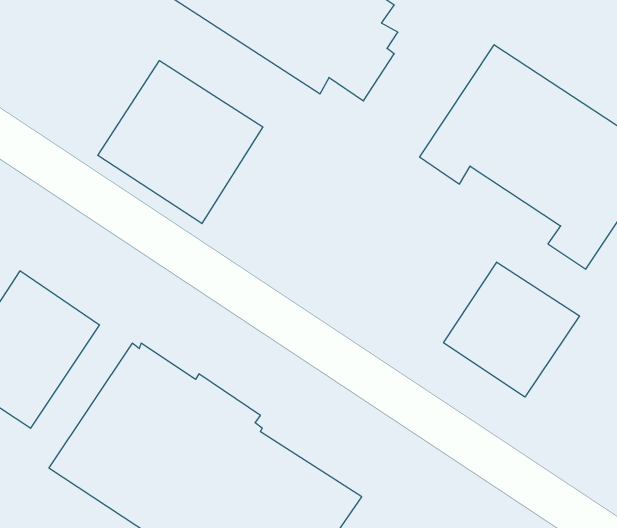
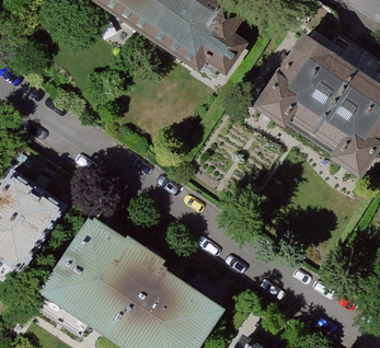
building: [98,61,263,224] -> none
building: [444,262,579,397] -> none

